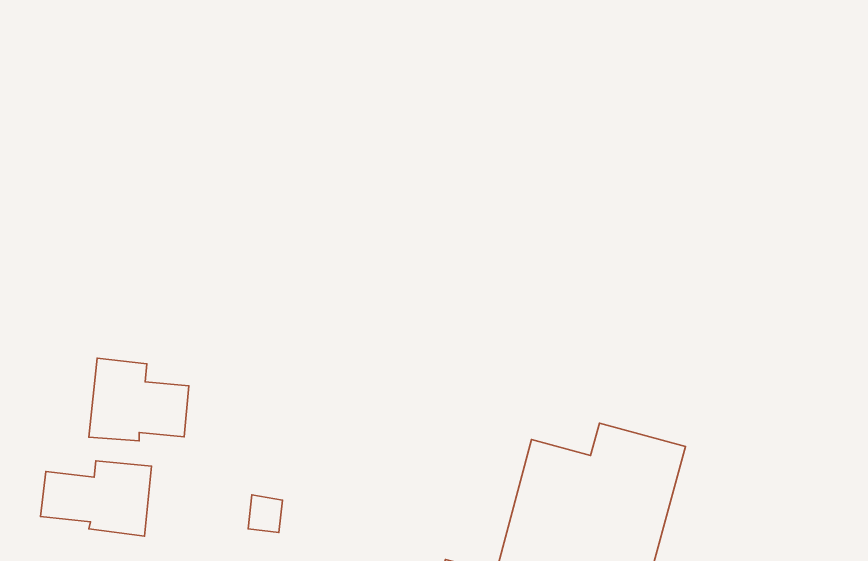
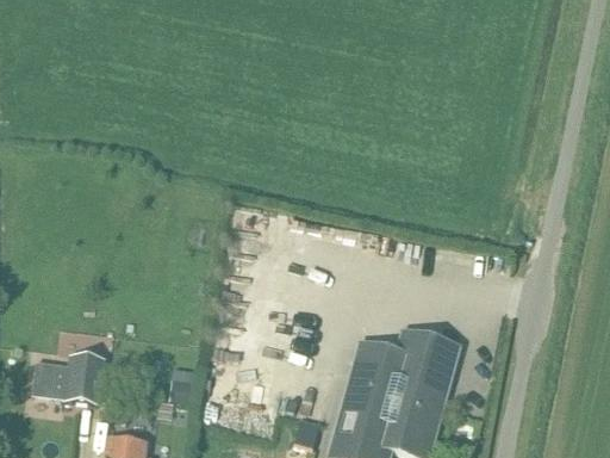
building: [89,358,189,441] -> none

